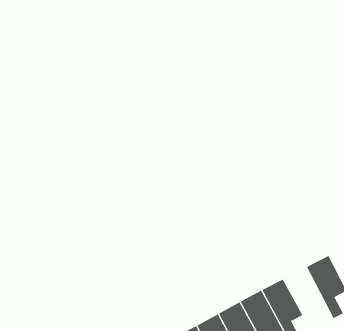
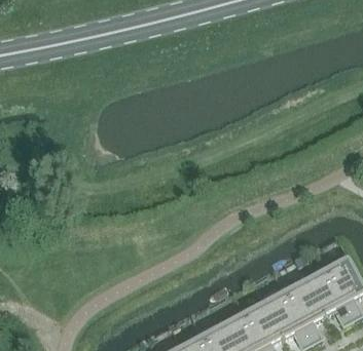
building: none -> [303,270,351,324]

